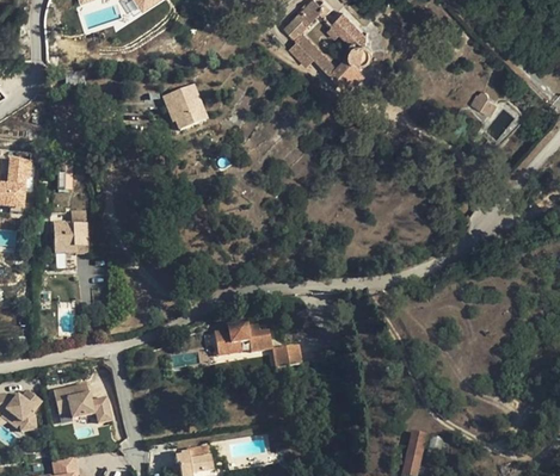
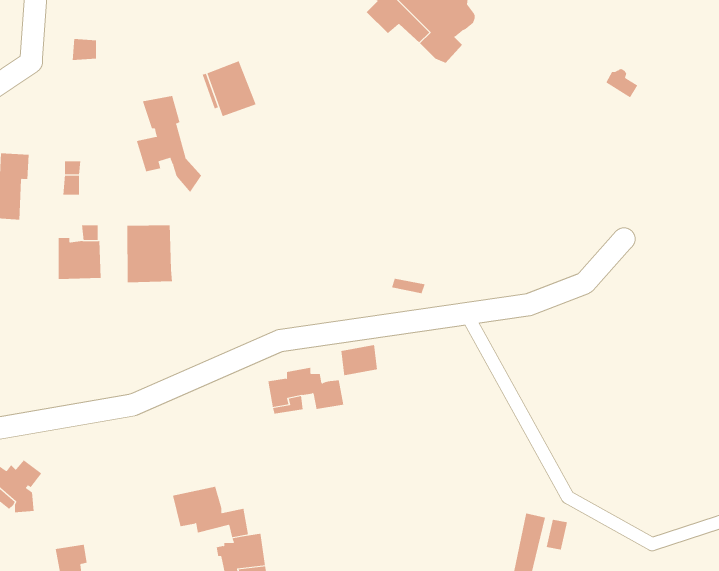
building: none -> [136,95,202,193]
building: none -> [127,224,172,283]
building: [272,344,301,367] -> [340,345,378,376]
building: [53,383,111,422] -> [172,486,249,538]

